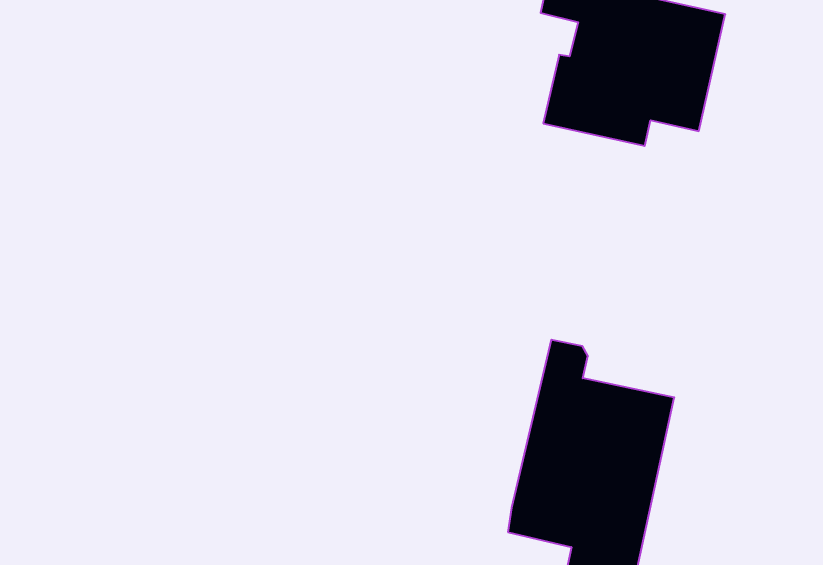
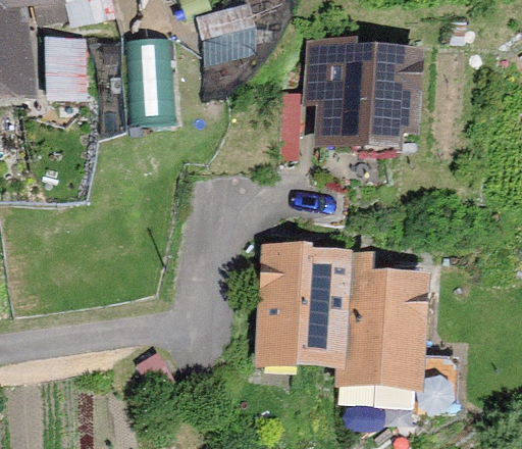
building: none -> [264,256,346,366]

